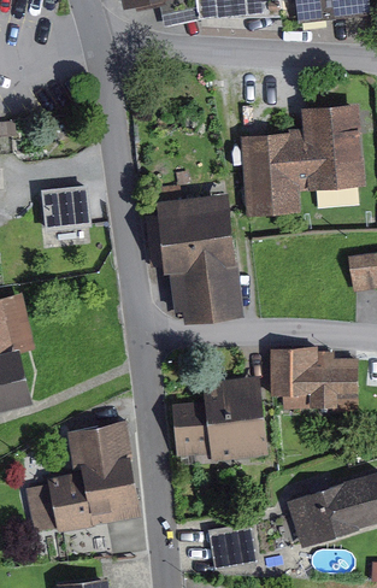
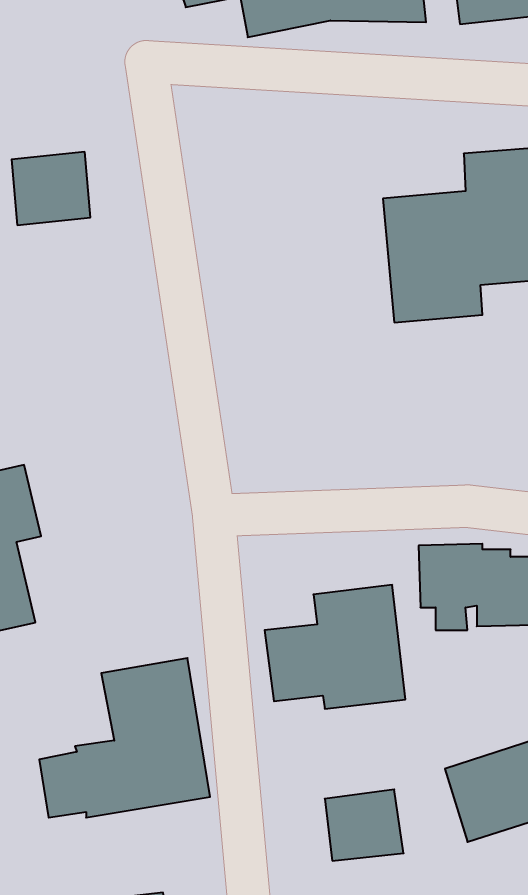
building: [39,184,89,231] -> [12,152,90,225]
building: [159,198,238,306] -> none

